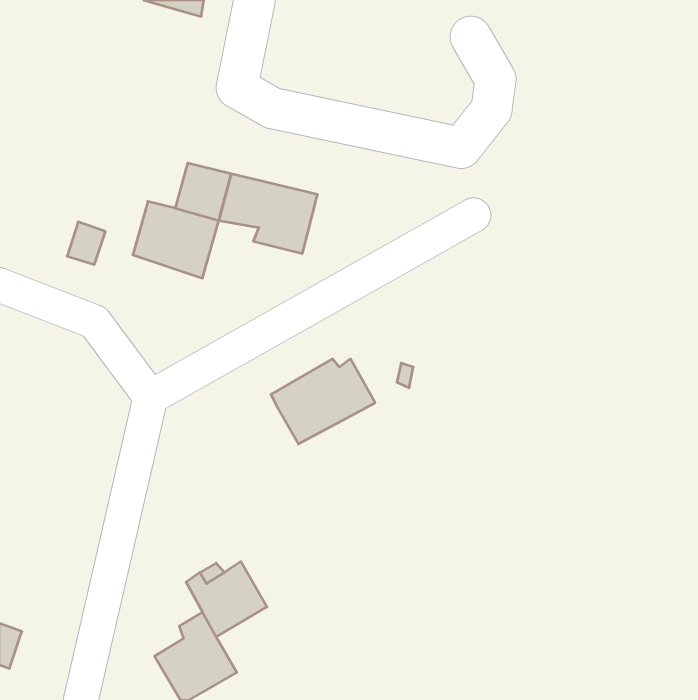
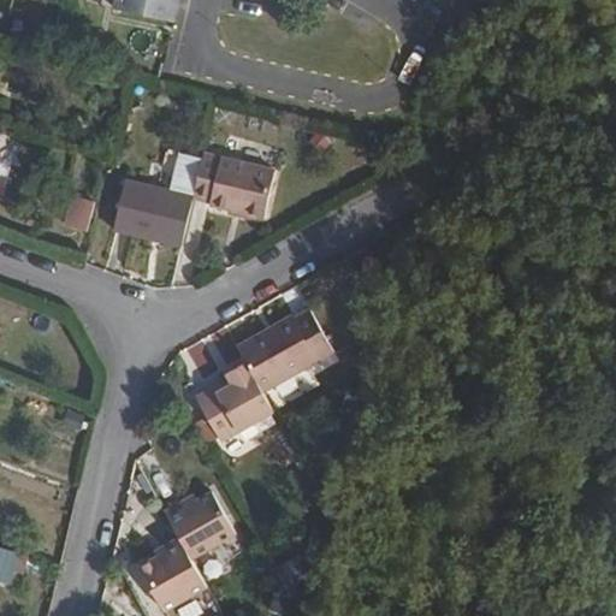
building: none -> [189,356,272,440]

